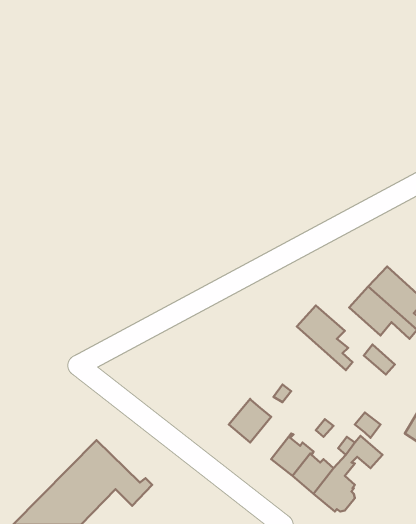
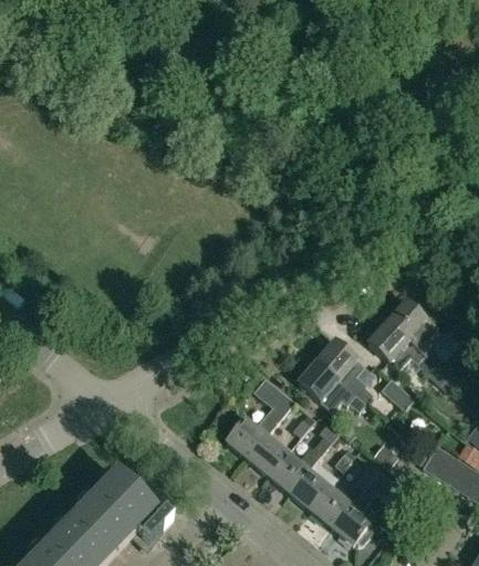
building: none -> [298,360,364,411]
building: none -> [227,377,293,458]
building: none -> [269,436,331,492]

